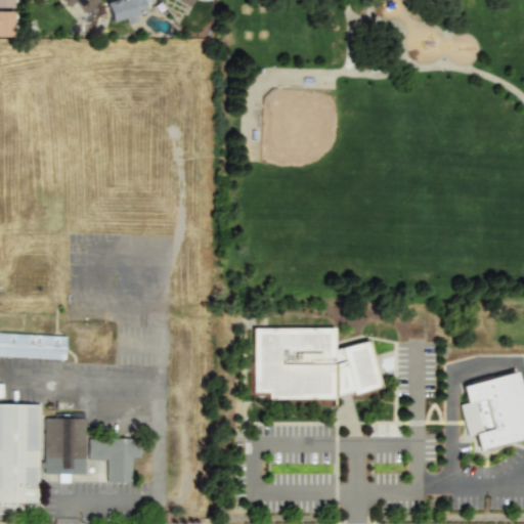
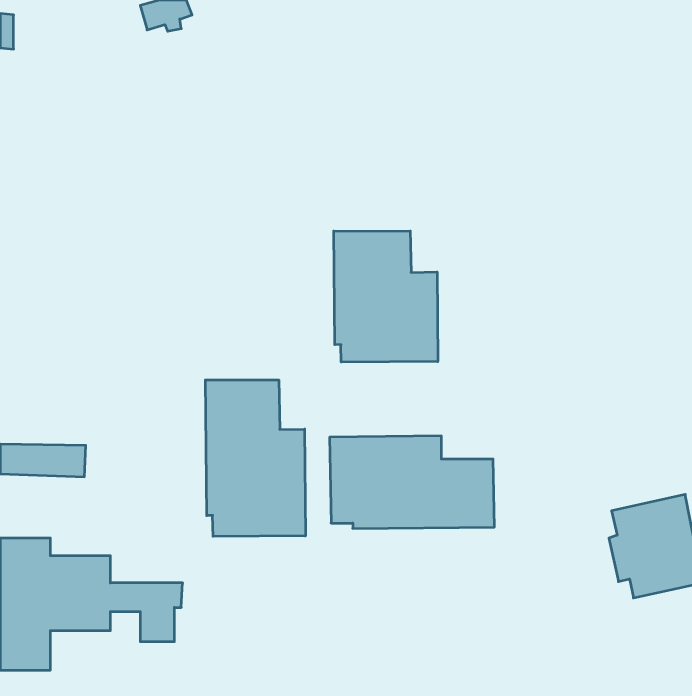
building: none -> [334,231,438,362]
building: none -> [205,380,305,536]

